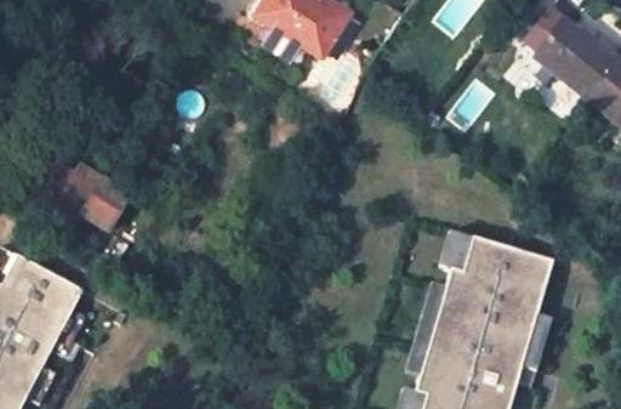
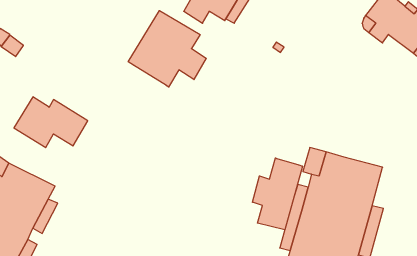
building: none -> [128,11,206,87]
building: none -> [252,158,302,230]

